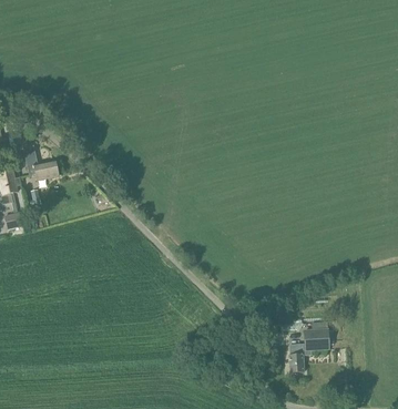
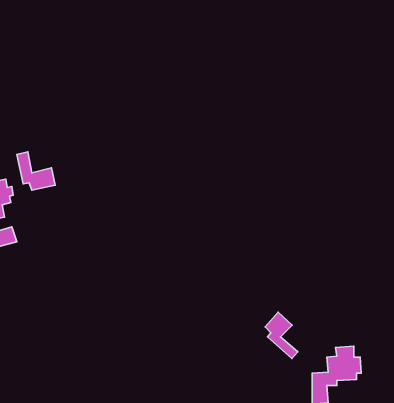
building: none -> [265,312,298,358]

